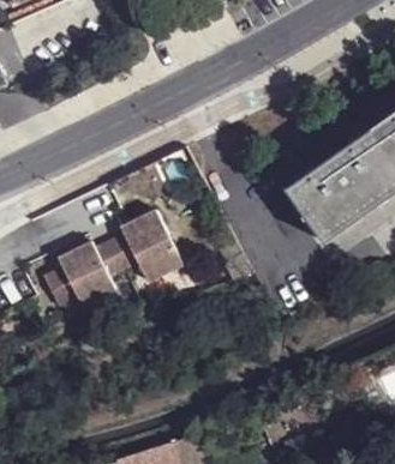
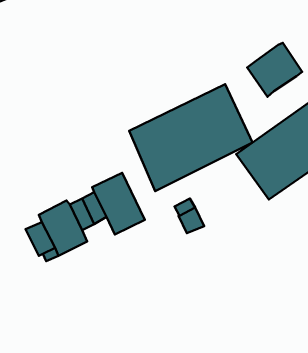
building: none -> [247,43,302,97]
building: none -> [129,84,252,191]

